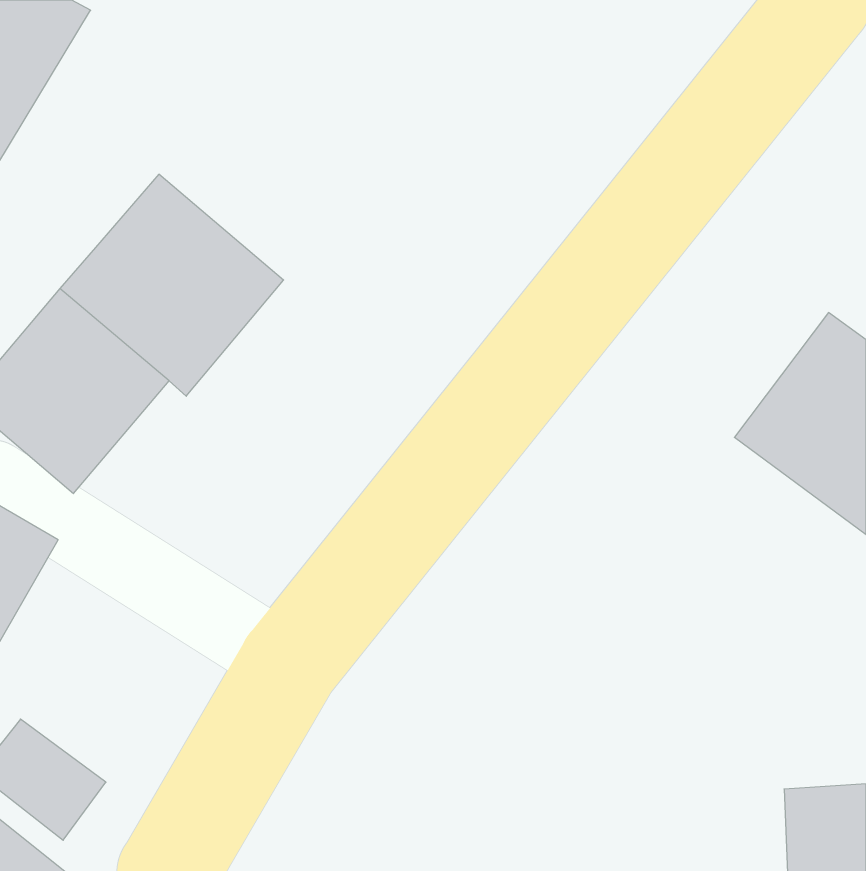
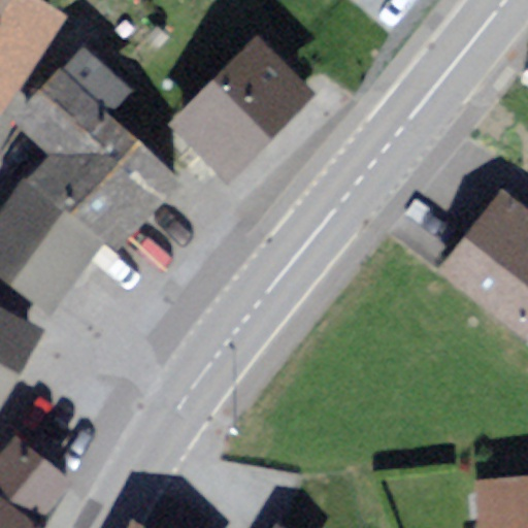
building: none -> [175,37,306,168]
building: none -> [19,48,117,151]

